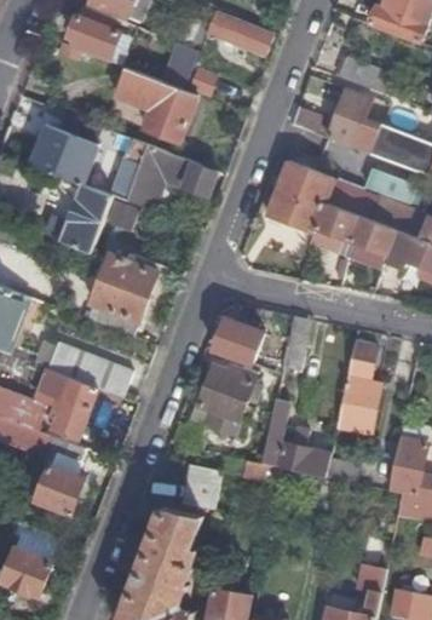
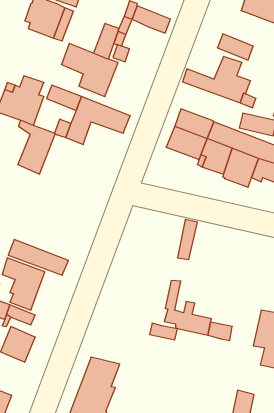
building: [85,254,157,337] -> none
building: [214,316,264,363] -> none
building: [334,340,378,440] -> none
building: [191,364,257,436] -> none
building: [180,465,220,509] -> none

